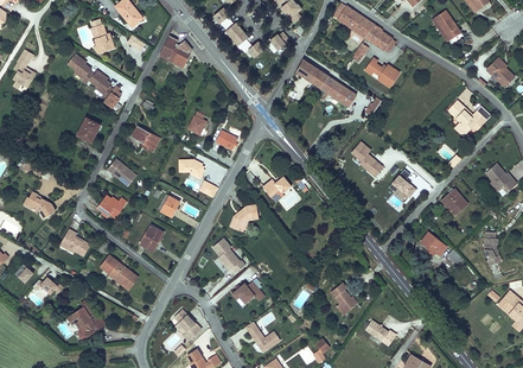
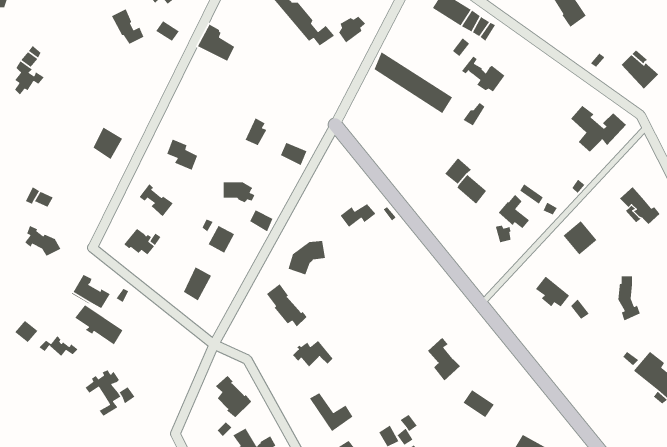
building: [70,56,117,100] -> none
building: [107,256,145,288] -> [74,304,123,346]

